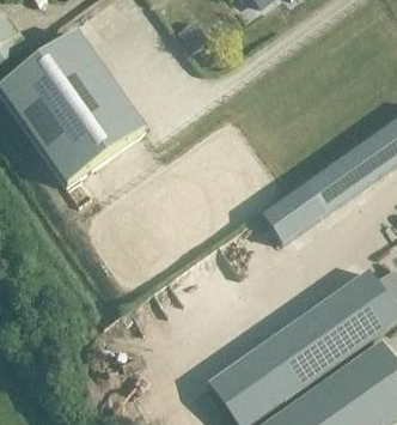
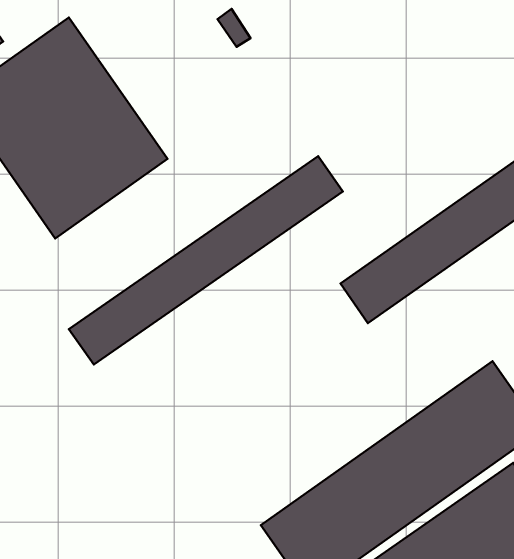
building: none -> [69,156,343,365]

